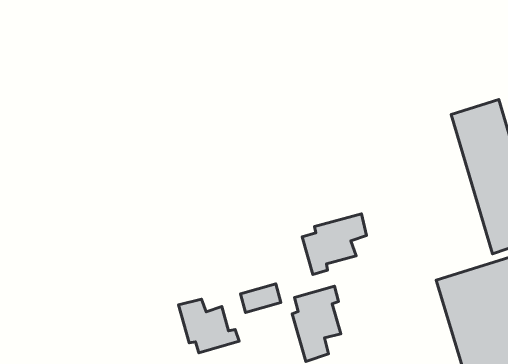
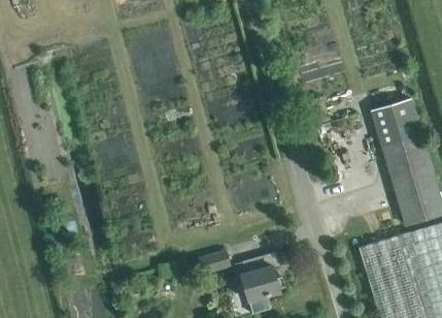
building: [302,214,367,275] -> none
building: [178,299,239,353] -> none

